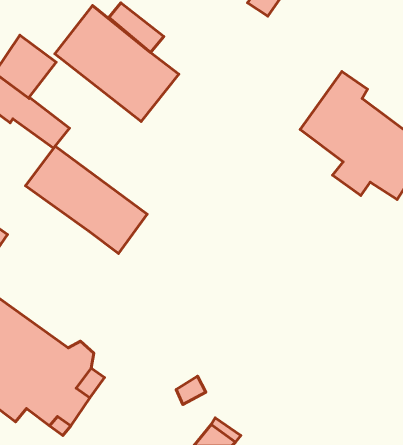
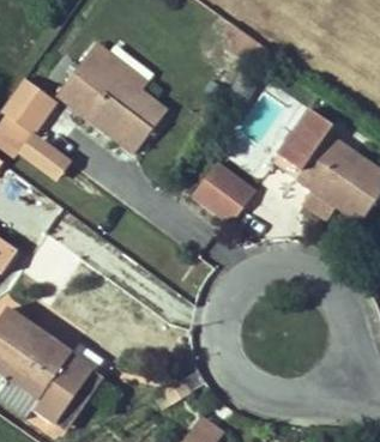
building: none -> [191,162,253,223]
building: [25,146,147,253] -> none

